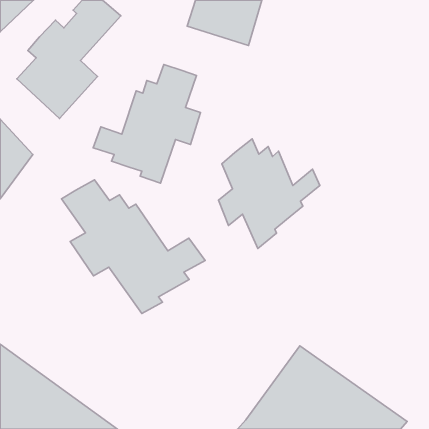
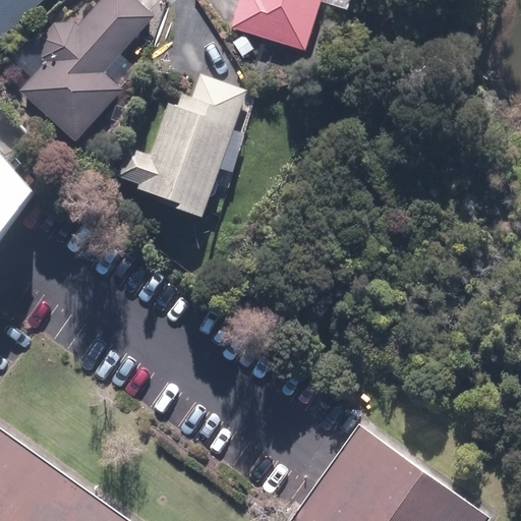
building: [218,139,320,248] -> none
building: [62,180,205,314] -> none

